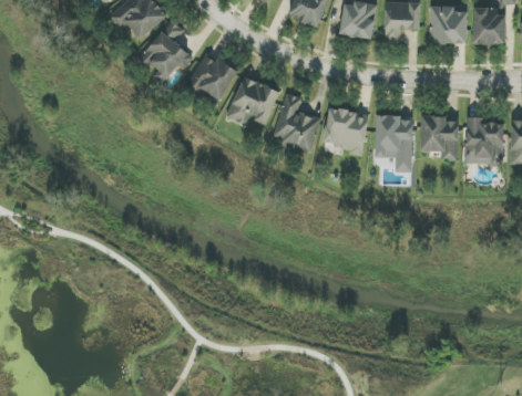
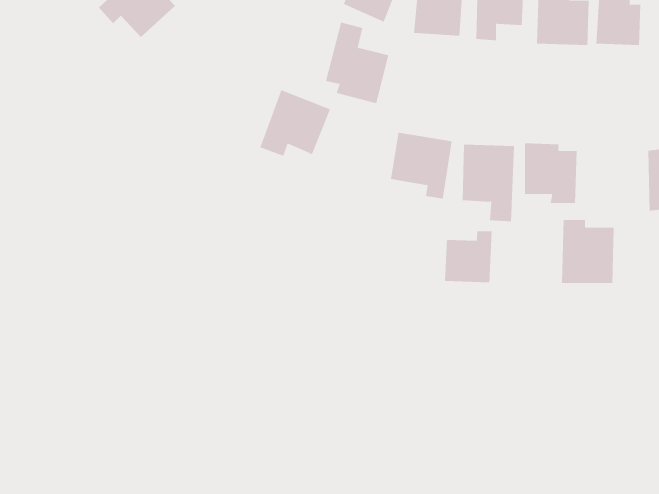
building: [141,19,193,83] -> none
building: [188,53,237,100] -> none
building: [274,93,320,153] -> [325,22,389,104]
building: [465,117,504,164] -> [561,219,615,283]
building: none -> [445,230,492,283]

